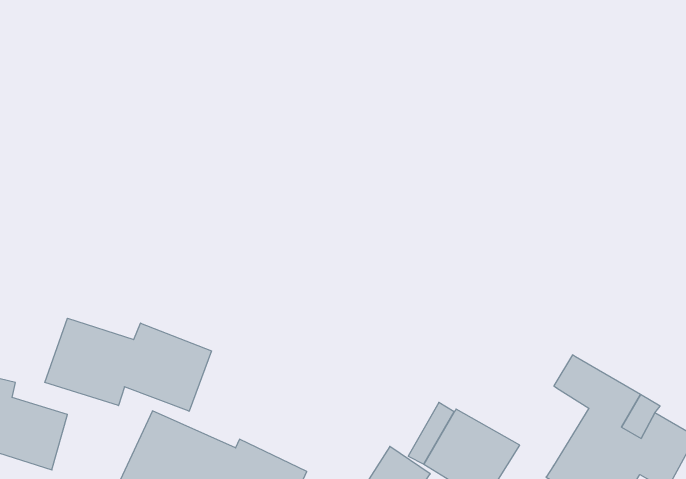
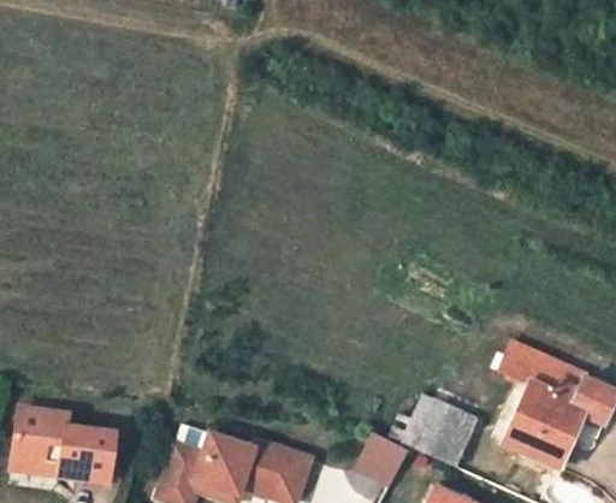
building: [45,318,211,411] -> none

